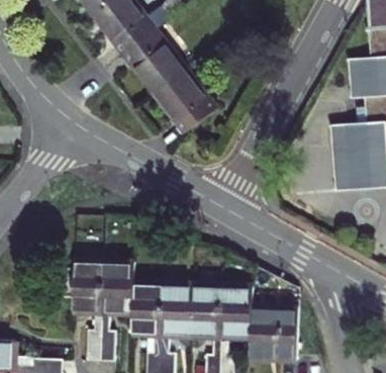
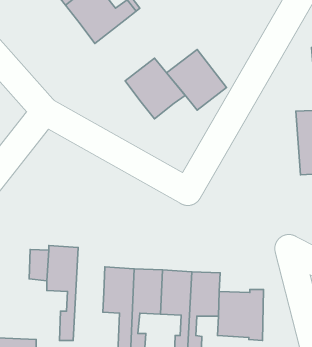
building: [124,29,186,92] -> [167,49,226,110]
building: [102,264,135,361] -> none

